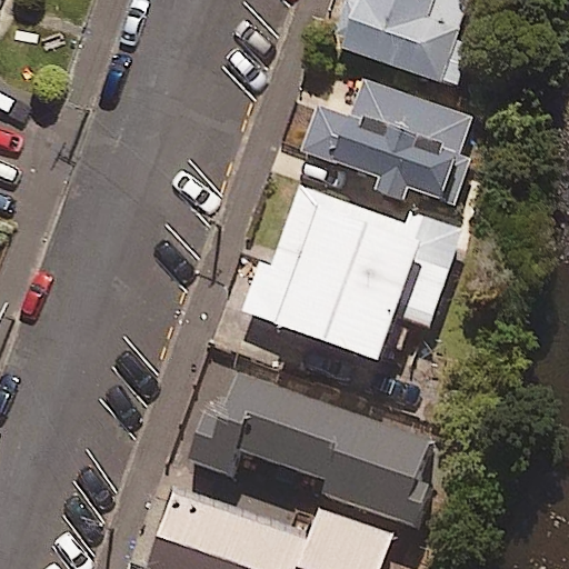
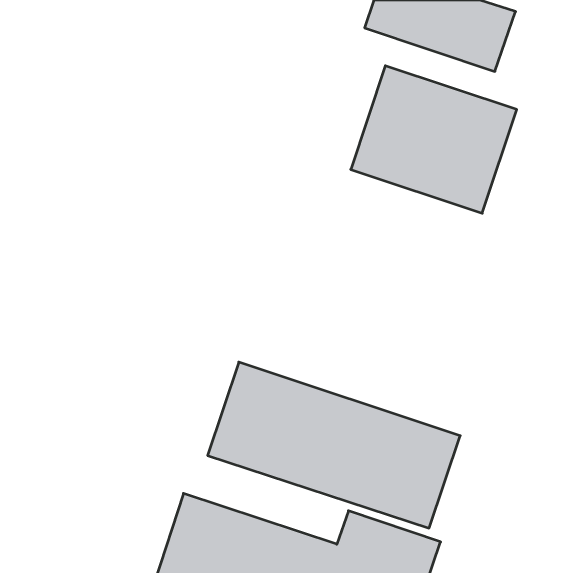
building: [268,186,456,380] -> none

